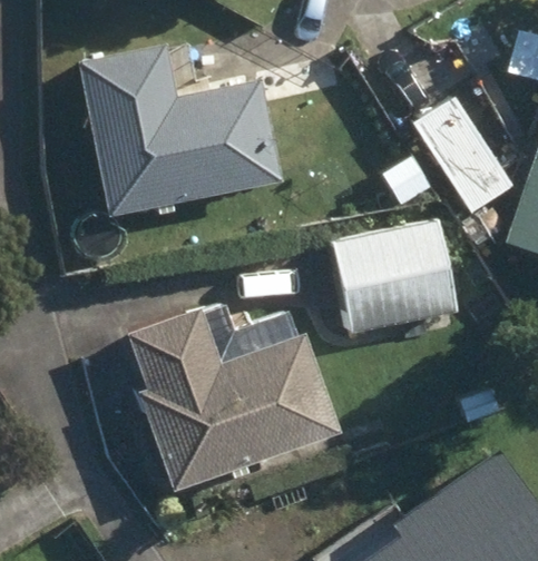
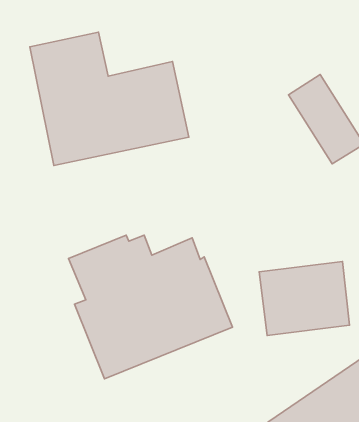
building: [335,229,452,325] -> [259,261,350,335]

